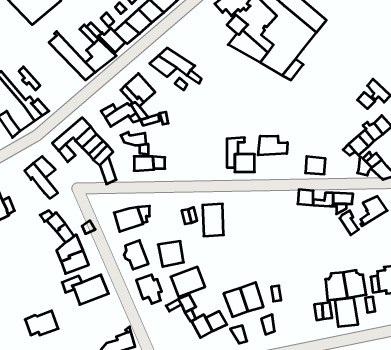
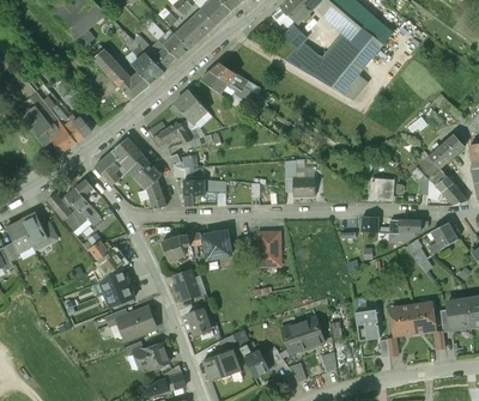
building: [258,136,287,155] -> none
building: none -> [48,193,87,231]
building: [158,241,184,267] -> [204,231,231,259]
building: [171,267,205,297] -> [204,348,241,381]
building: [335,298,358,327] -> [356,309,381,340]
building: [25,311,58,335] -> [134,342,170,369]

